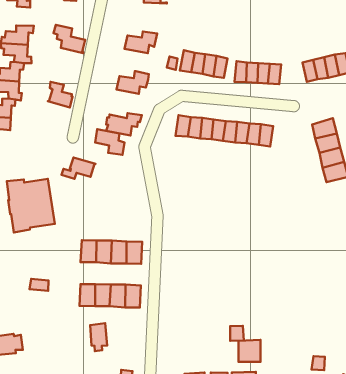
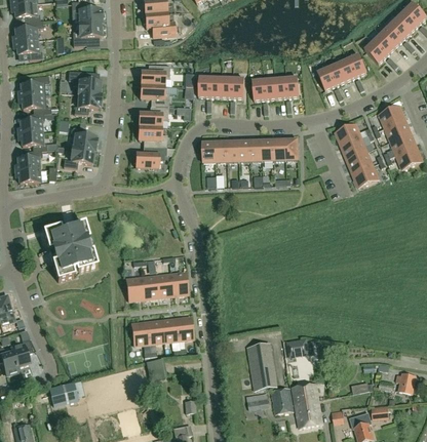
building: none -> [75,92,101,113]
building: none -> [141,84,169,106]
building: [95,129,124,155] -> [139,125,167,147]
building: [62,158,96,179] -> [64,147,95,167]
building: none -> [247,341,277,389]

